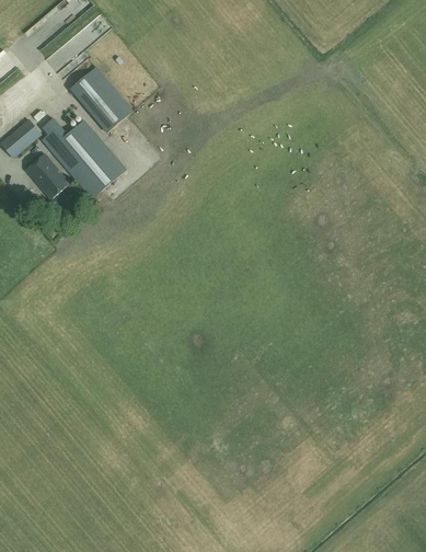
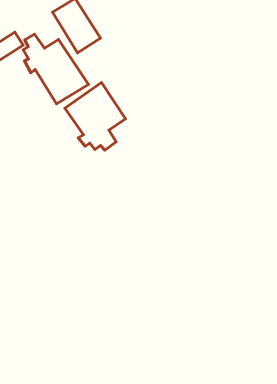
building: [25,152,70,199] -> none
building: none -> [65,82,126,150]

